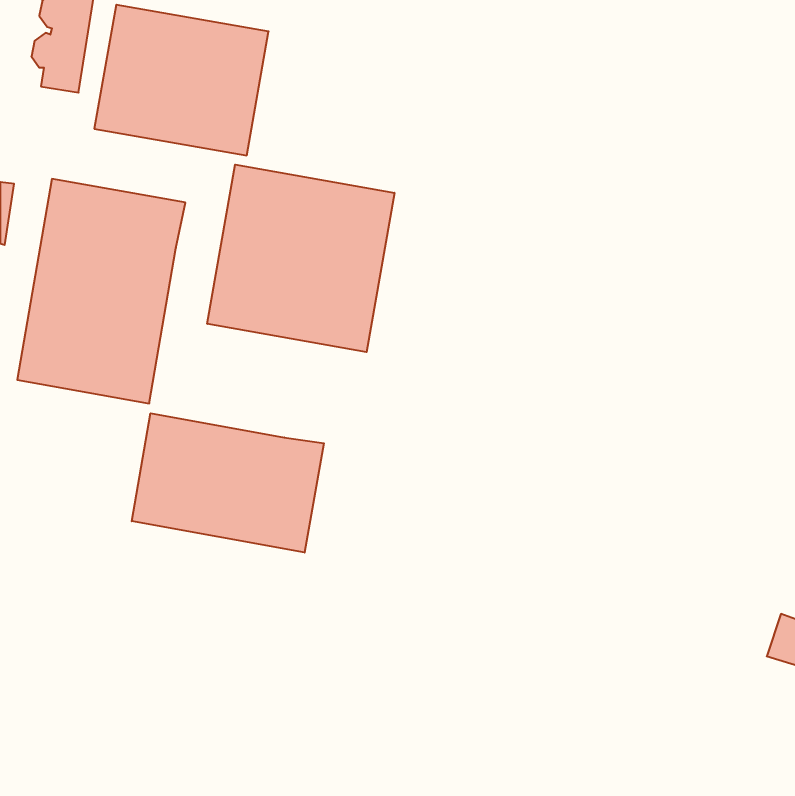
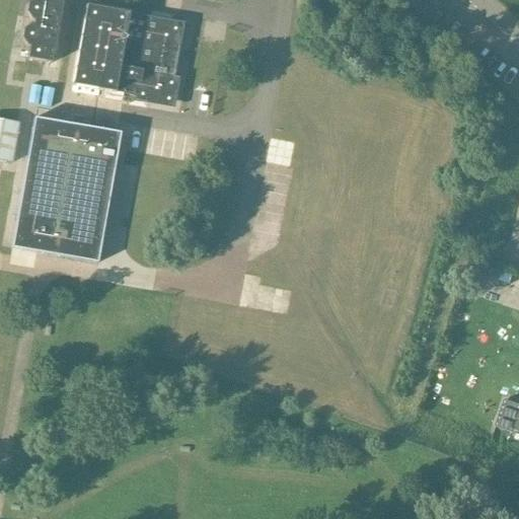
building: [207,165,394,352] -> none
building: [132,413,324,553] -> none

